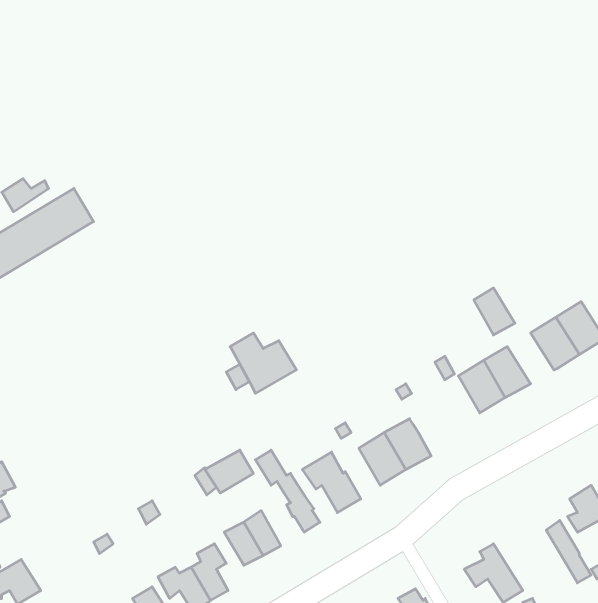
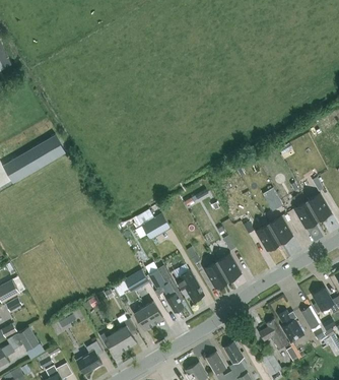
building: none -> [278,310,303,342]

